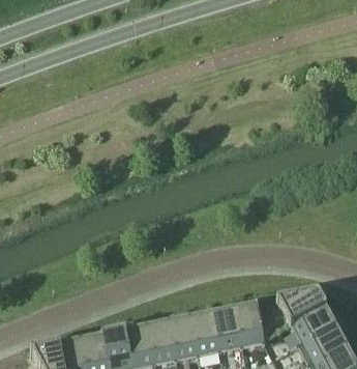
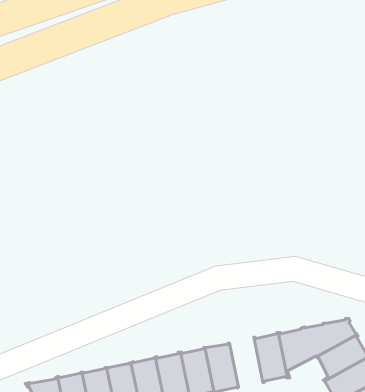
building: [215,308,245,352] -> none

